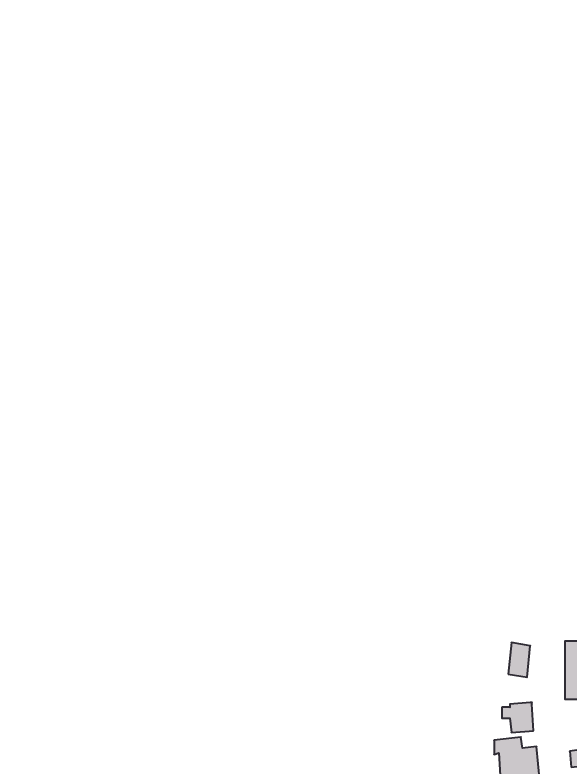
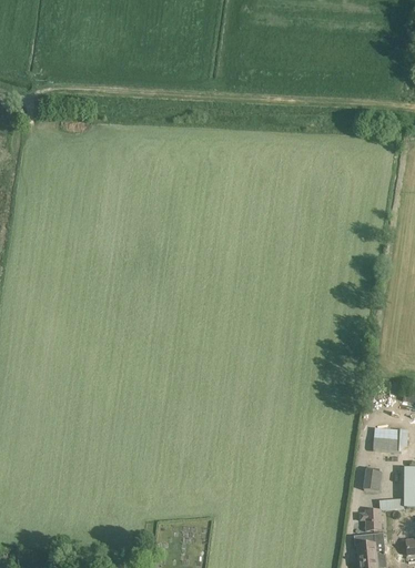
building: none -> [372,429,401,448]

